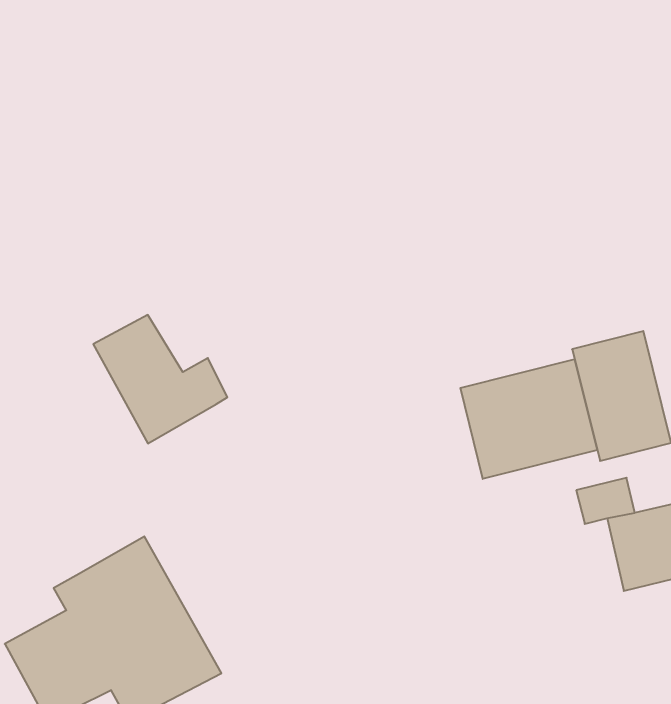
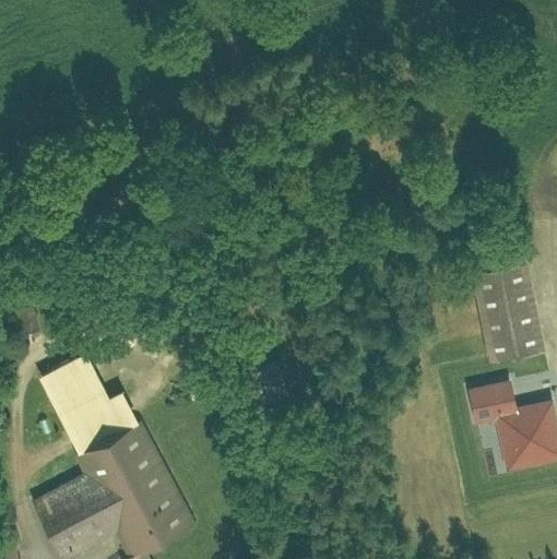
building: [93,315,227,443] -> [40,355,145,455]
building: [460,359,597,479] -> none

